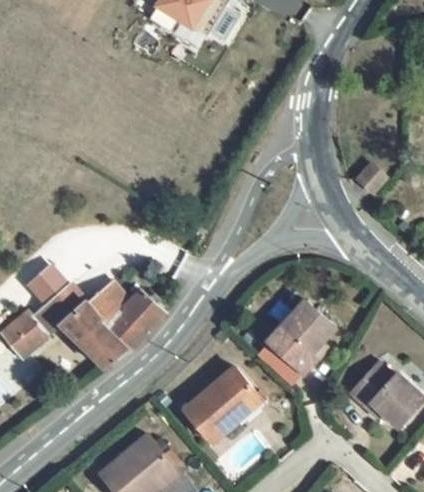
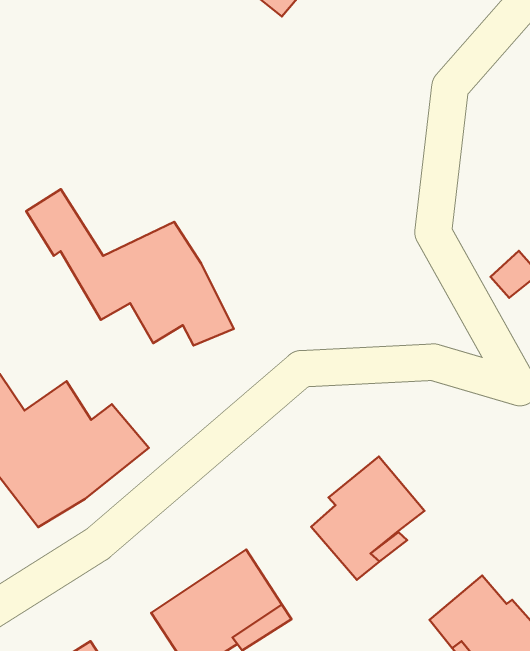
building: none -> [26,189,234,345]

